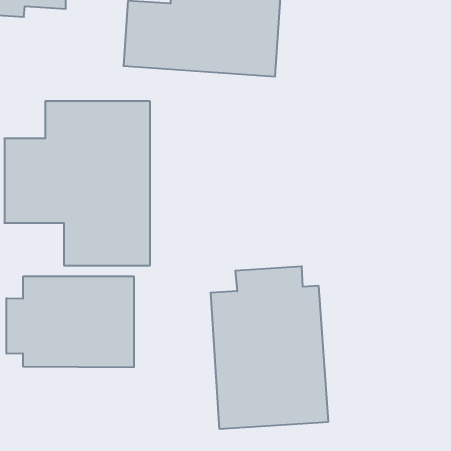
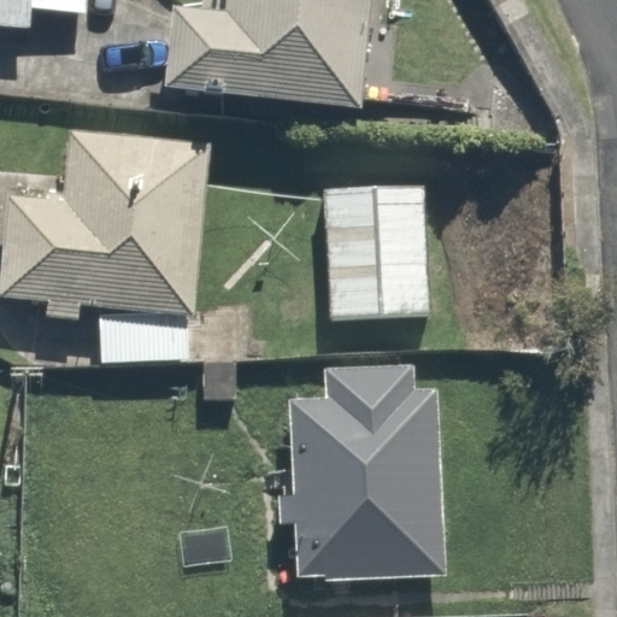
building: none -> [315,180,429,322]
building: [6,276,134,367] -> none

